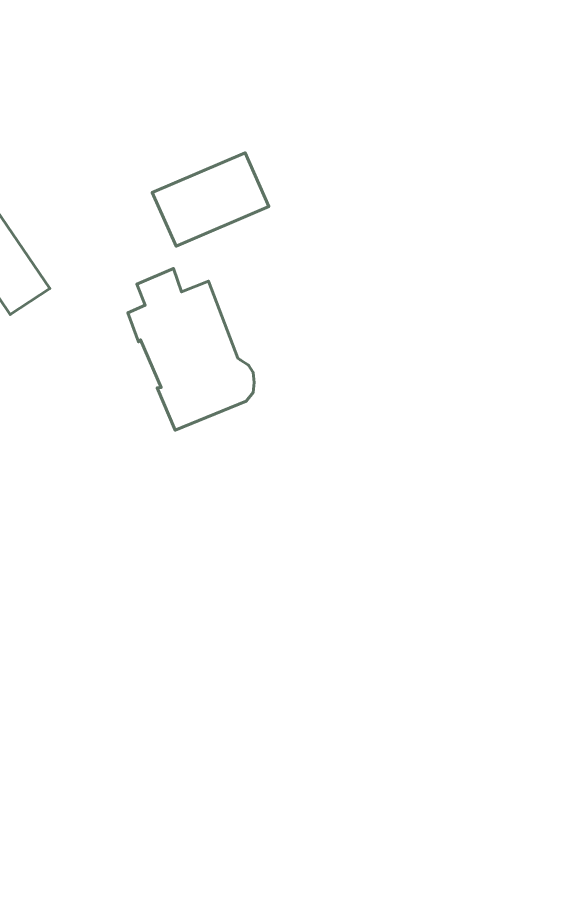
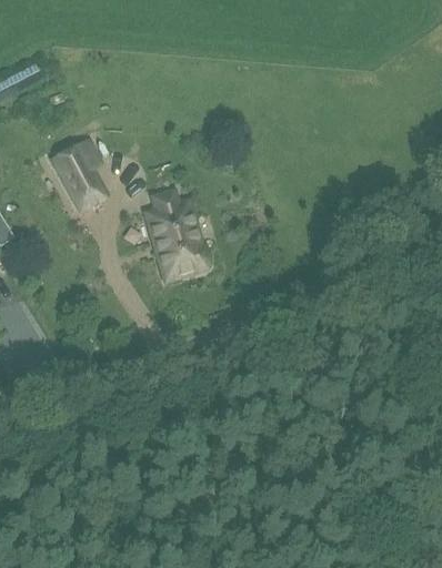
building: [152,153,269,246] -> none

